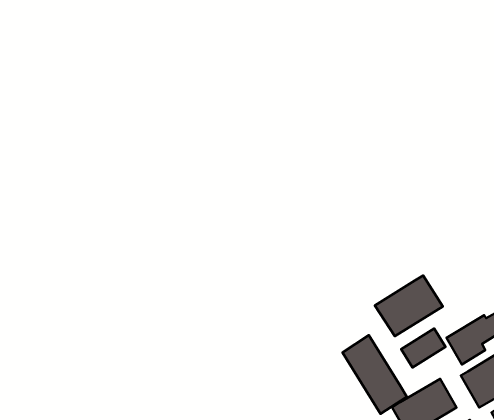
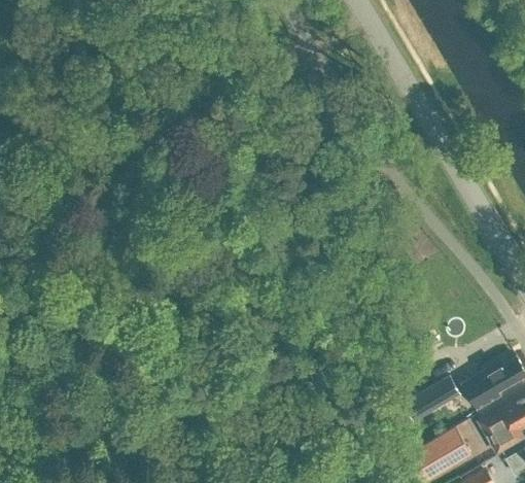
building: [375,276,443,336] -> none
building: [342,335,407,414] -> none

